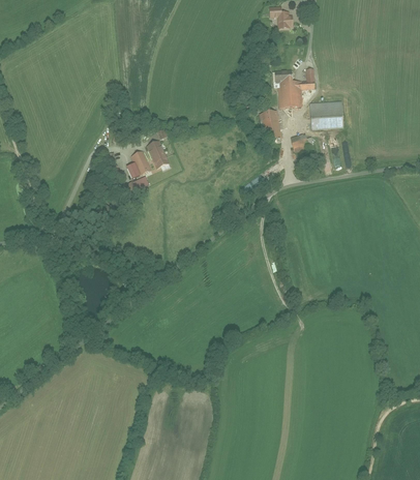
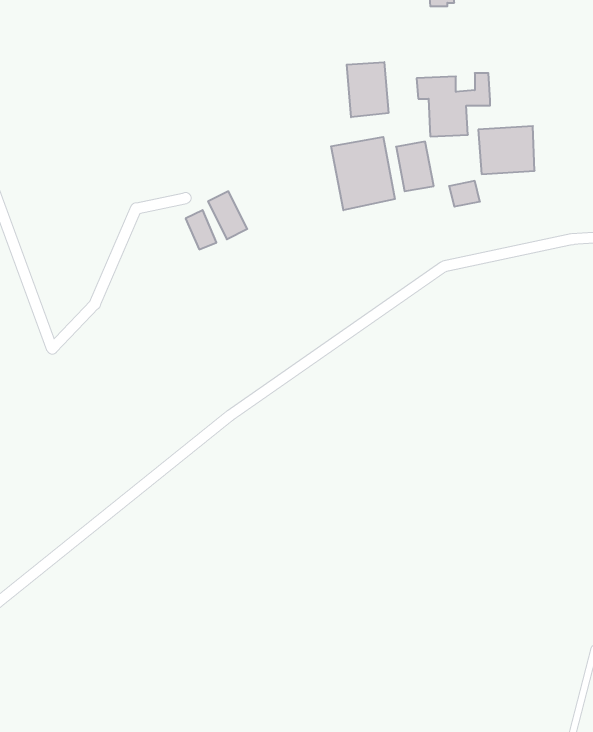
building: none -> [347,62,388,117]
building: none -> [331,137,395,210]

